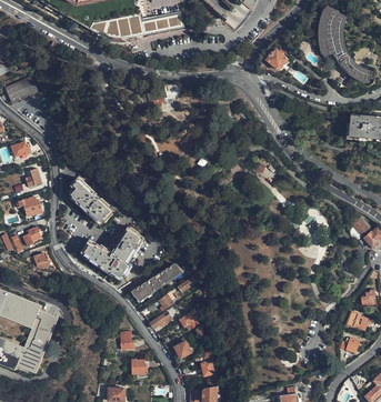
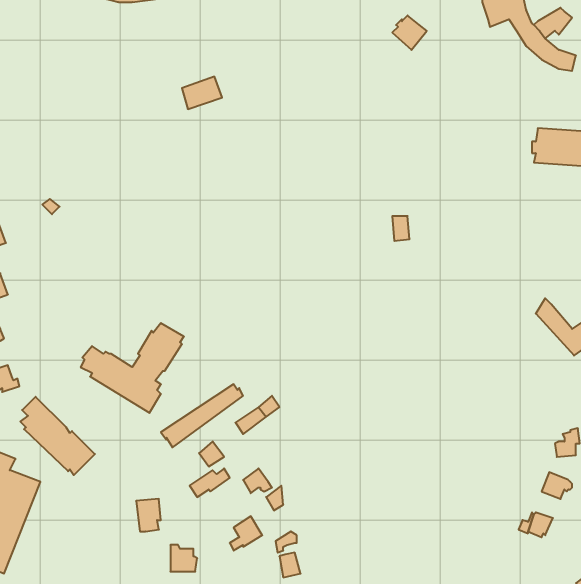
building: [69,177,112,222] -> [20,397,95,475]

